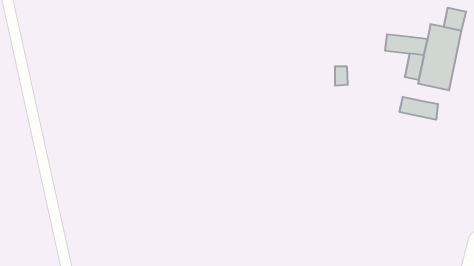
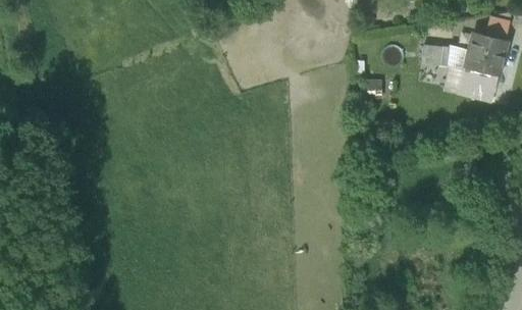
building: [400,97,438,120] -> none

